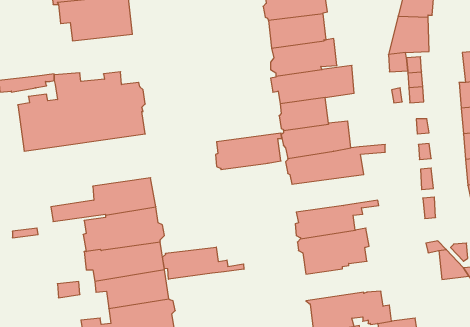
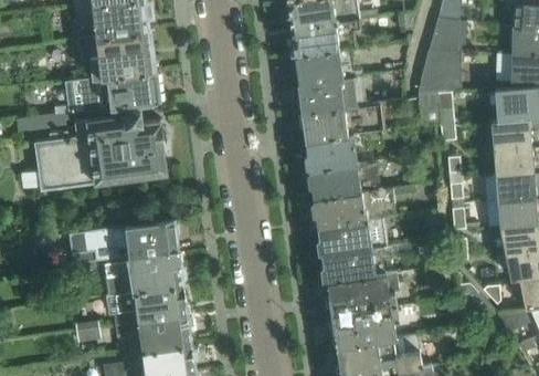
building: none -> [77,71,161,111]
building: [216,133,282,170] -> [318,217,387,254]
building: [163,247,244,279] -> none
building: none -> [332,305,399,346]

